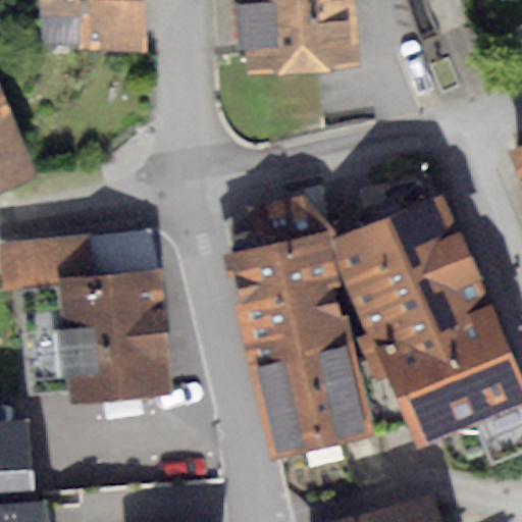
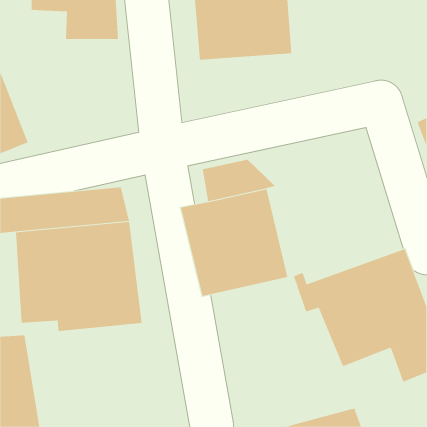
building: [332,194,493,346] -> none
building: [246,337,374,462] -> none

